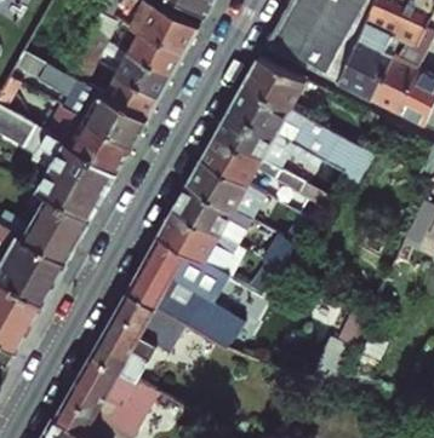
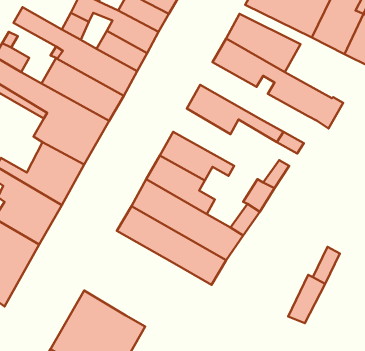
building: [216,109,332,178] -> none
building: [187,159,267,220] -> none
building: [91,290,188,381] -> none

